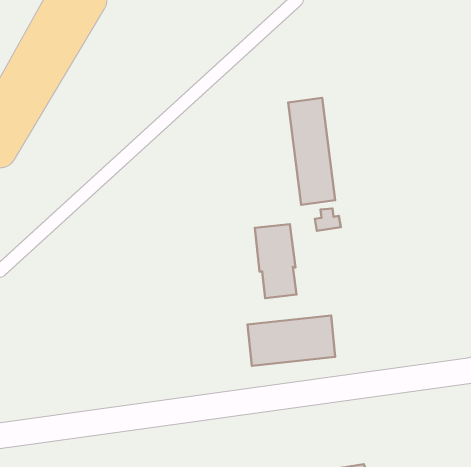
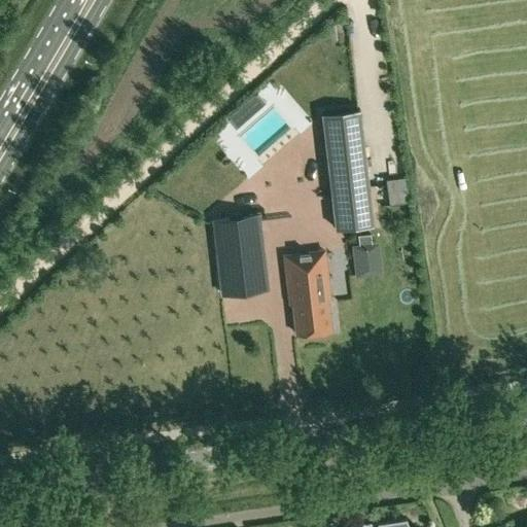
building: none -> [213,215,270,296]
building: [248,316,335,366] -> none

